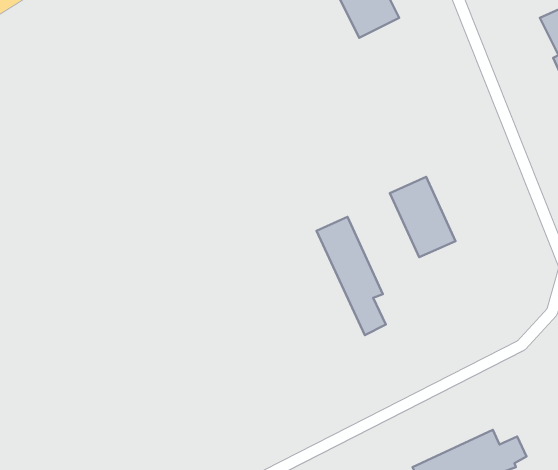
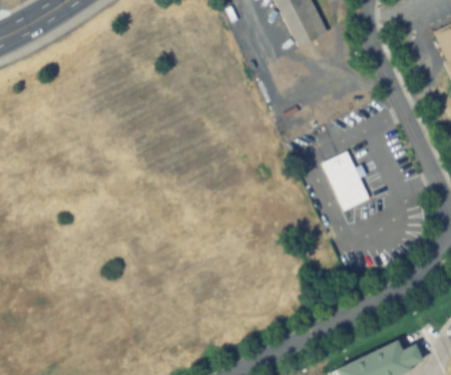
building: [316,217,386,335] -> none

